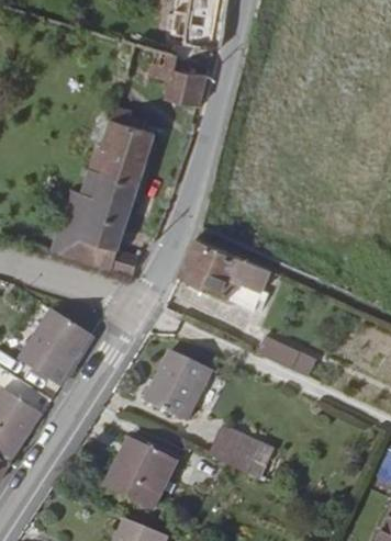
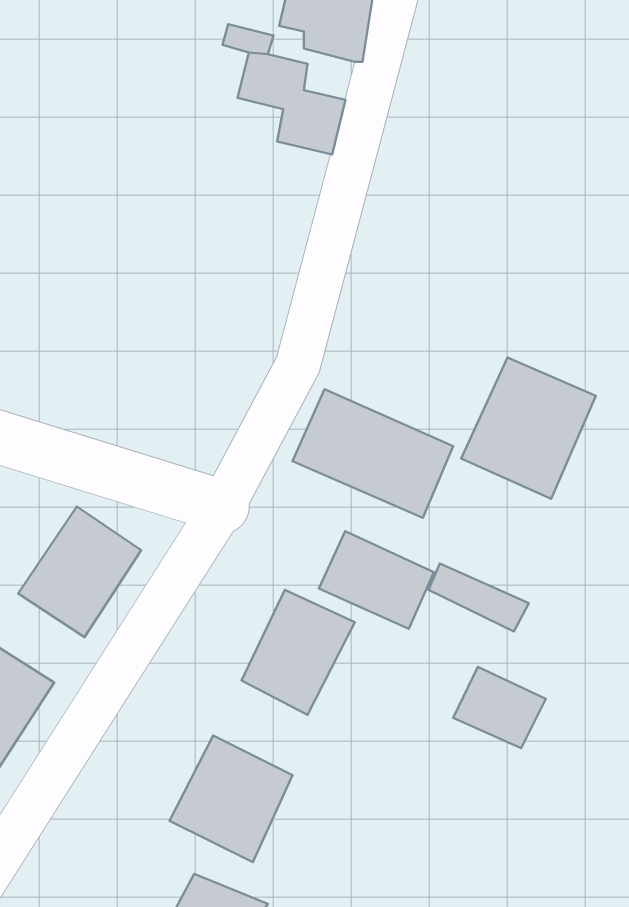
building: [48,93,159,269] -> none
building: none -> [461,358,596,499]
building: none -> [319,531,434,629]
building: [206,429,260,476] -> [453,667,546,748]

